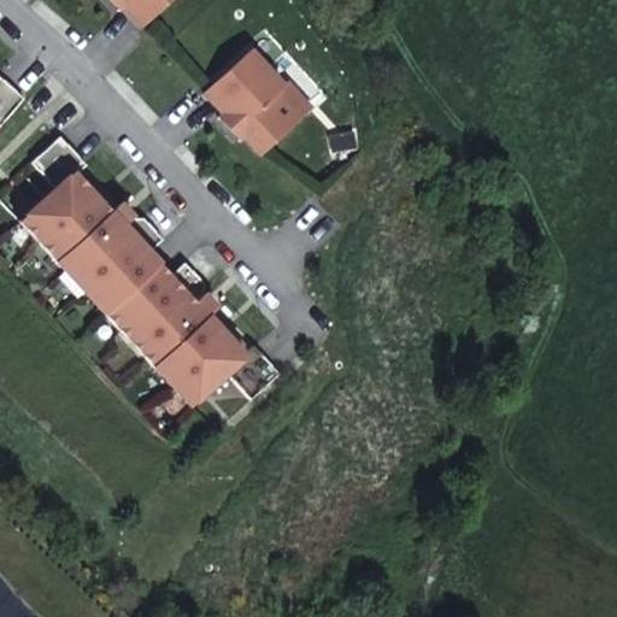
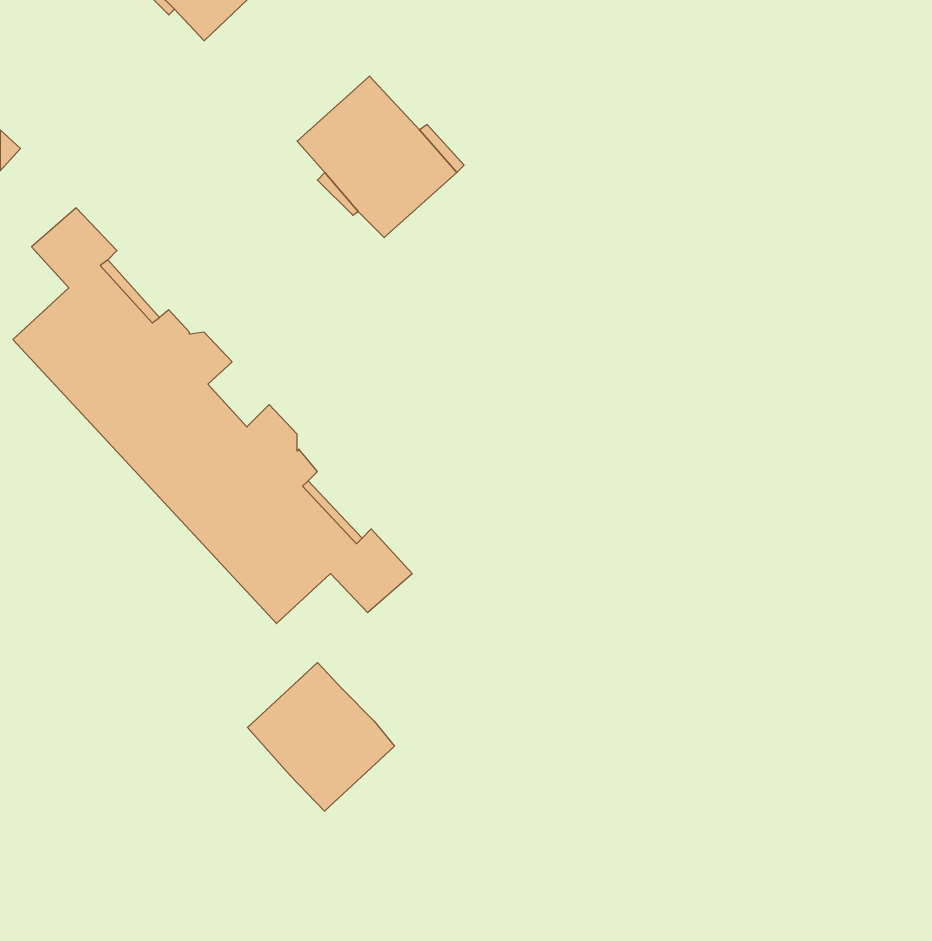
building: none -> [247,663,394,811]

